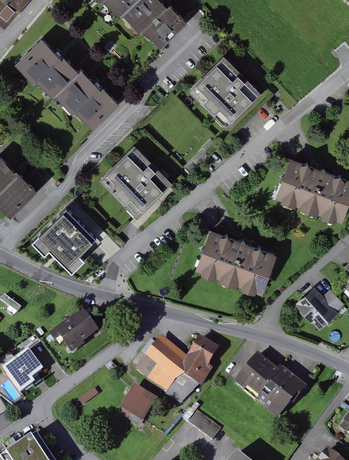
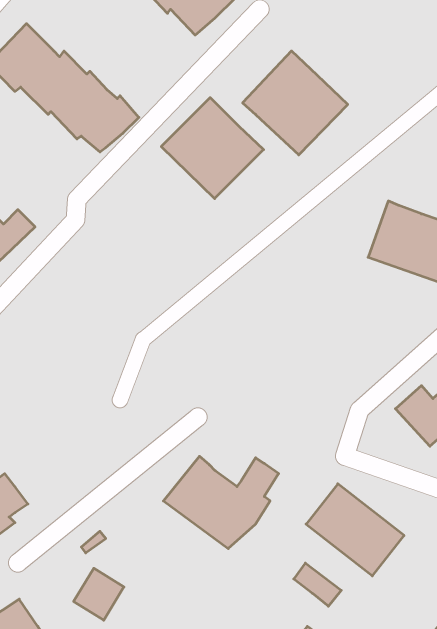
building: [97,144,168,214] -> [161,98,264,199]
building: [27,203,95,271] -> none
building: [194,232,274,294] -> none
building: [54,310,98,352] -> none
building: [120,386,155,422] -> [74,568,124,620]
building: [185,410,218,440] -> [294,563,341,606]

